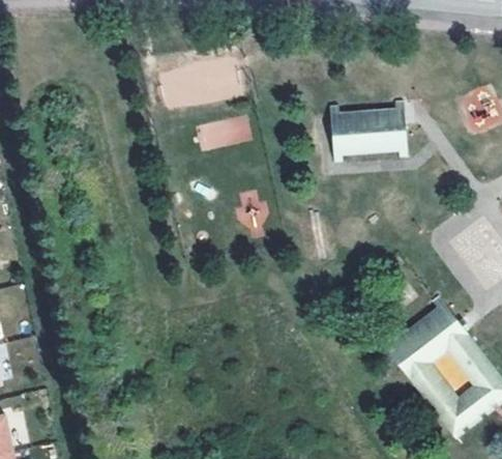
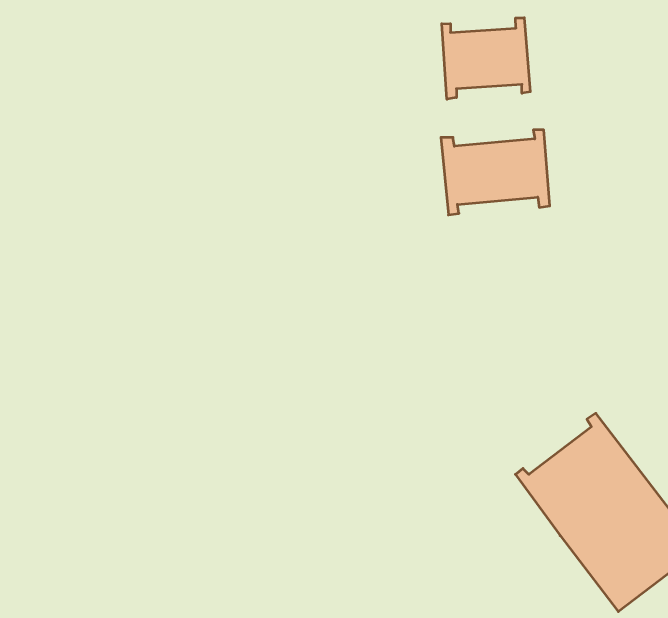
building: none -> [442,18,530,99]

